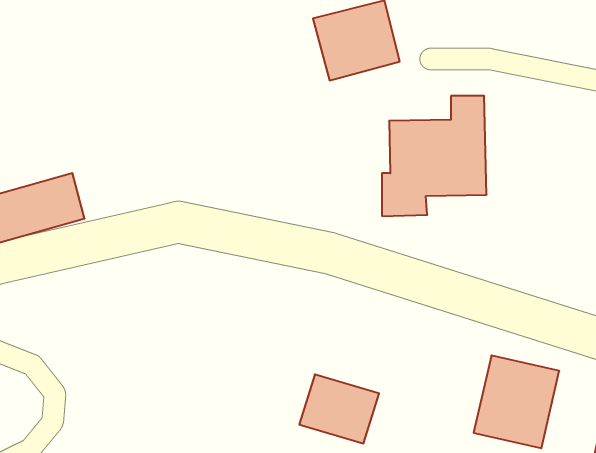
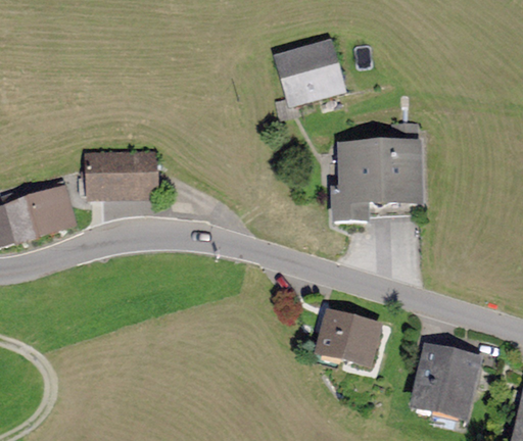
building: none -> [86,148,157,200]
building: [299,374,379,443] -> [314,307,382,366]

